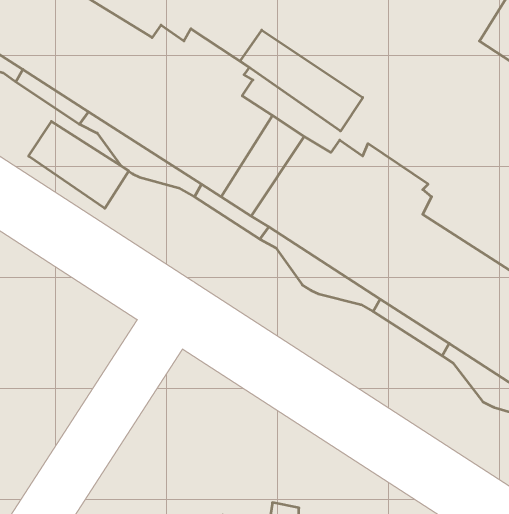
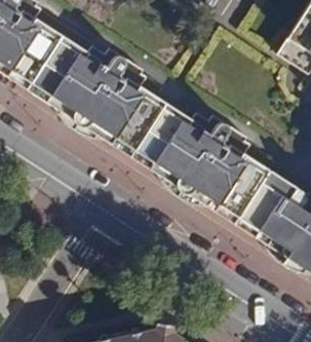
building: [240,30,363,131] -> none
building: [29,121,129,208] -> none

